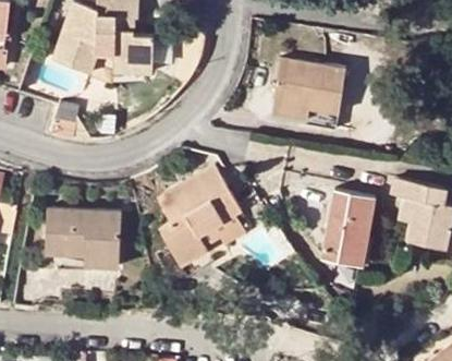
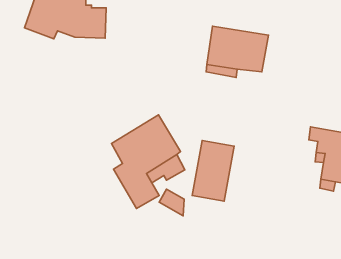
building: [322,191,372,263] -> [192,141,234,201]
building: [46,215,122,267] -> none

